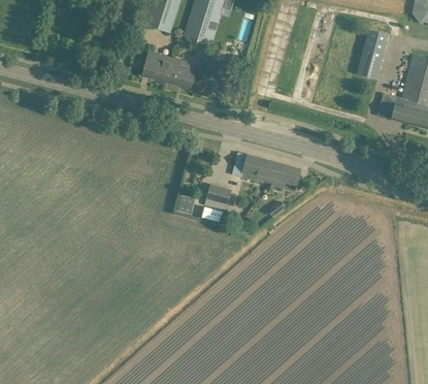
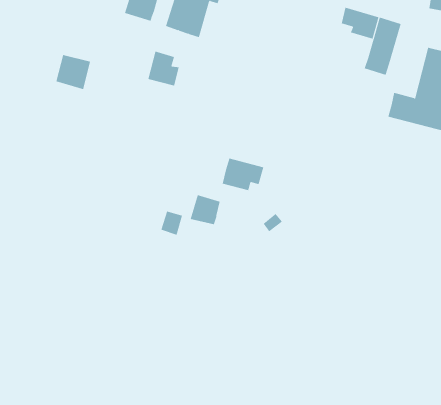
building: none -> [341,7,379,39]
building: [141,51,172,82] -> [56,55,91,90]
building: [264,159,300,187] -> none

